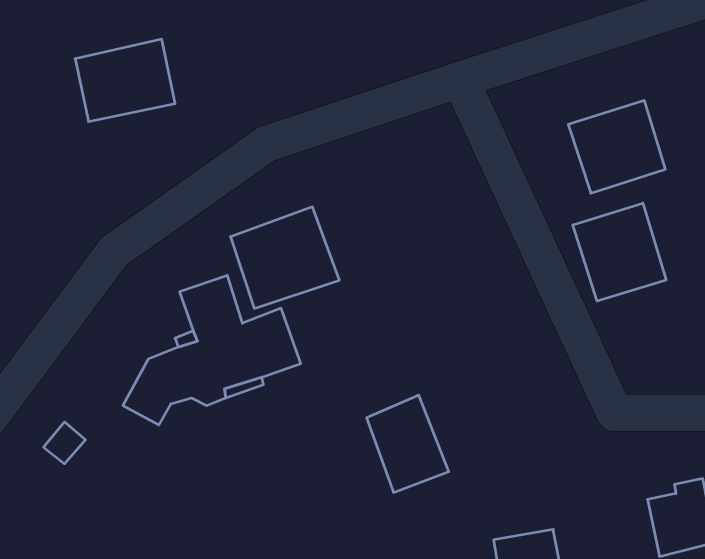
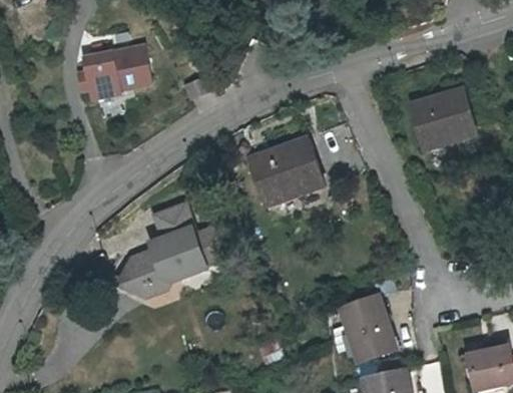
building: [573,203,666,301] -> none
building: [230,207,339,308] -> [251,137,325,206]
building: [367,395,449,492] -> [342,295,397,360]

